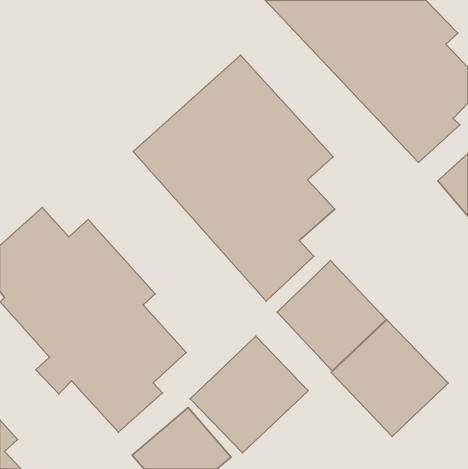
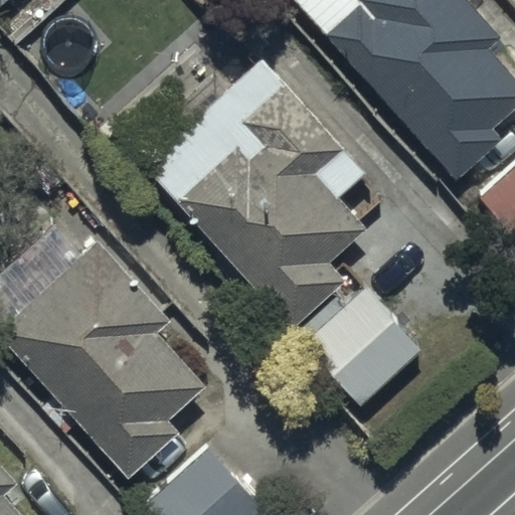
building: [331,320,448,436] -> none
building: [190,336,308,453] -> none

